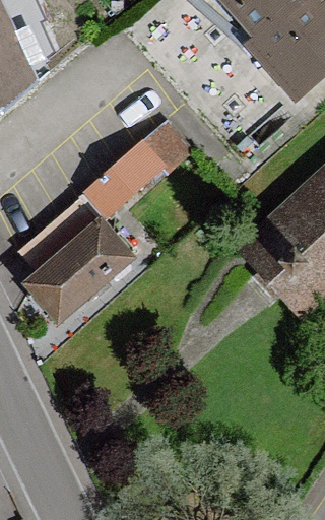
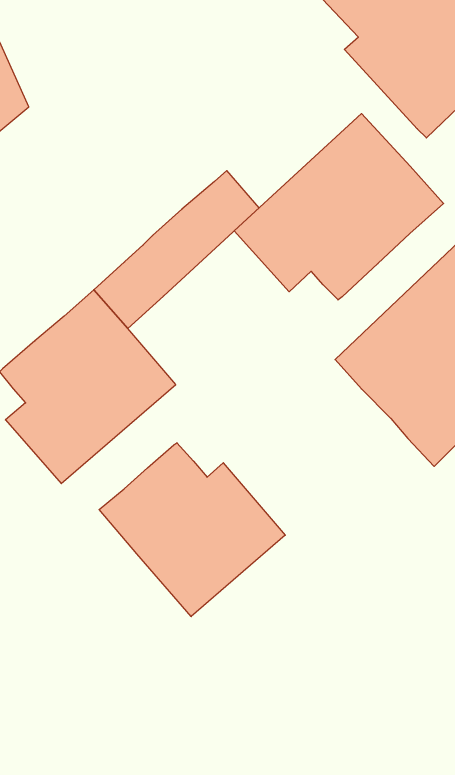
building: none -> [234,114,444,300]
building: none -> [99,443,285,617]

